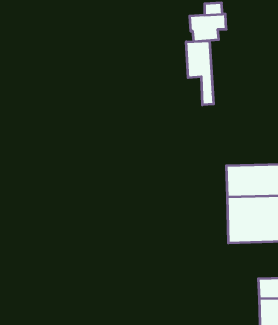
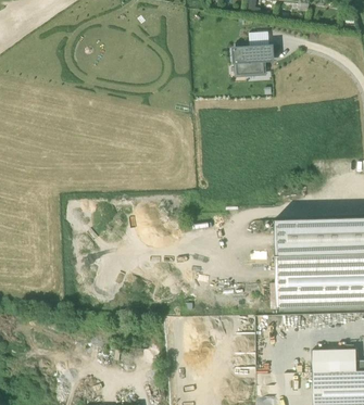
building: [186,41,214,105] -> none

